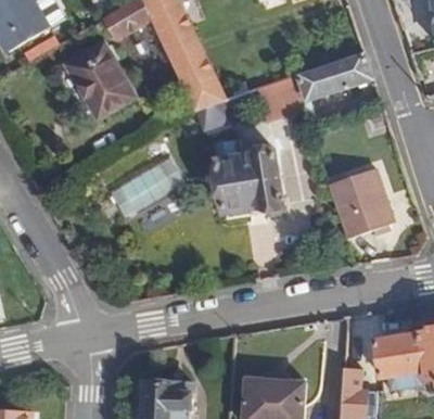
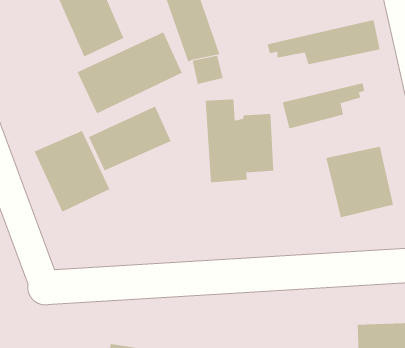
building: none -> [77,31,182,114]
building: none -> [282,83,365,129]
building: none -> [34,130,110,212]

